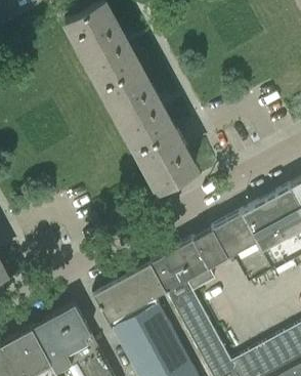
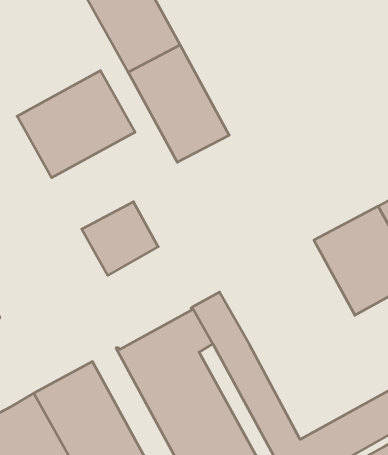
building: none -> [17,71,135,178]
building: [138,133,196,189] -> [82,202,158,275]
building: [170,212,271,291] -> none

